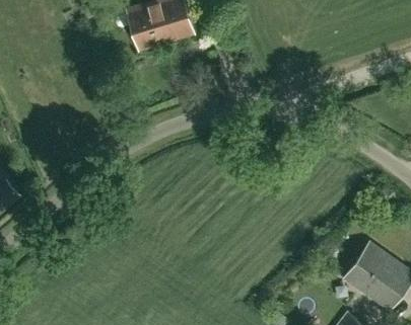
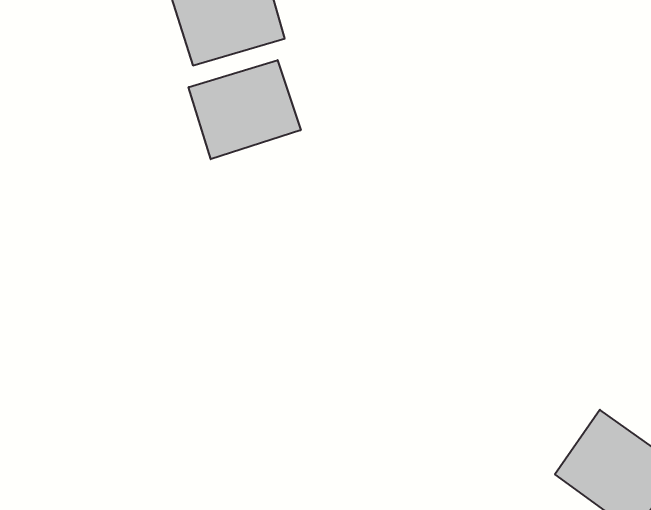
building: none -> [189,60,301,159]

